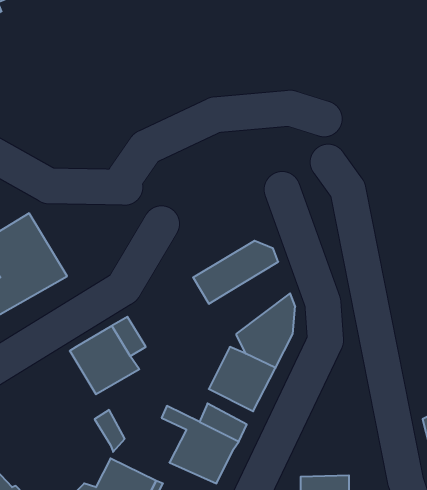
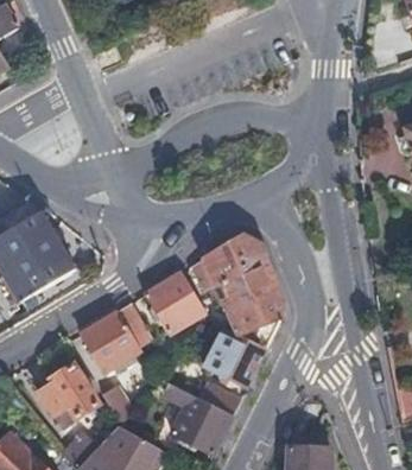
building: none -> [222,253,278,318]
building: none -> [144,272,204,336]
building: none -> [37,366,97,430]

